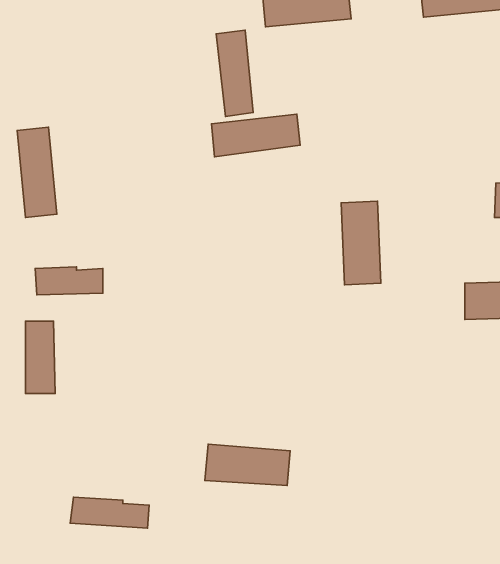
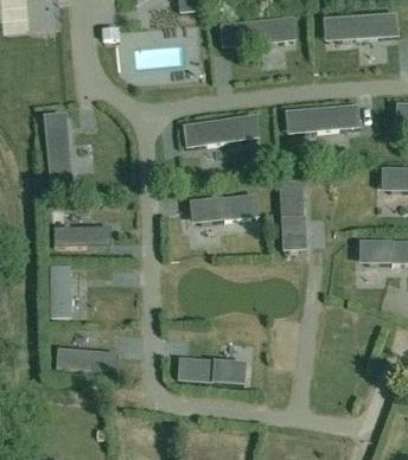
building: [216,30,253,116] -> none
building: none -> [297,103,361,132]
building: none -> [197,190,259,222]
building: [70,497,149,528] -> [57,347,114,370]

